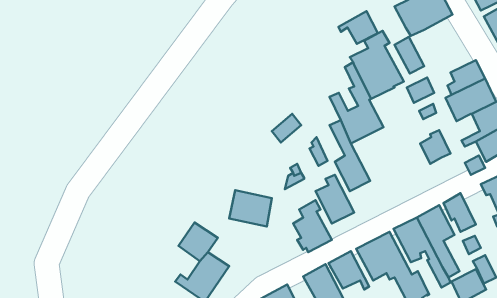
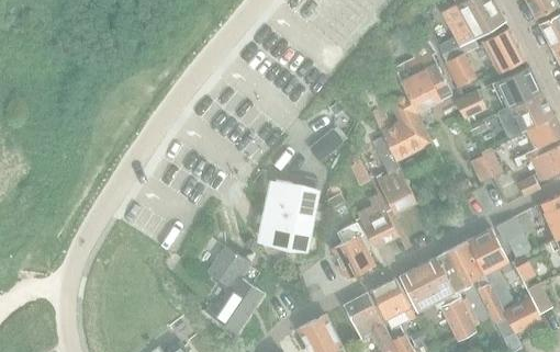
building: [338,11,378,44] -> none
building: none -> [483,29,526,75]
building: none -> [270,182,316,222]

